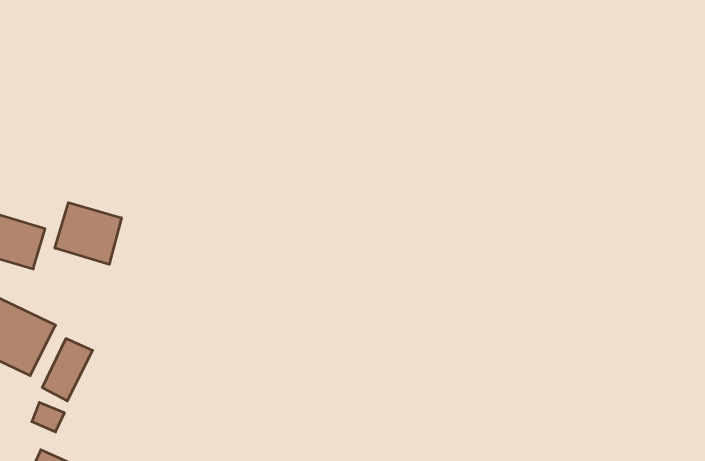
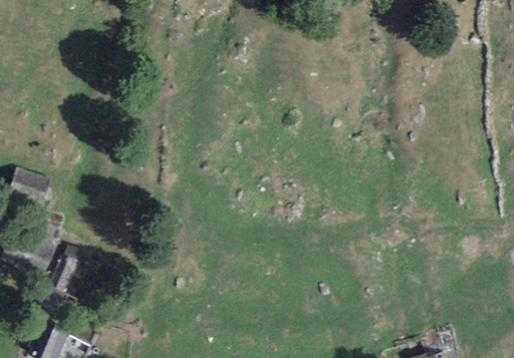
building: [55,203,121,264] -> none

